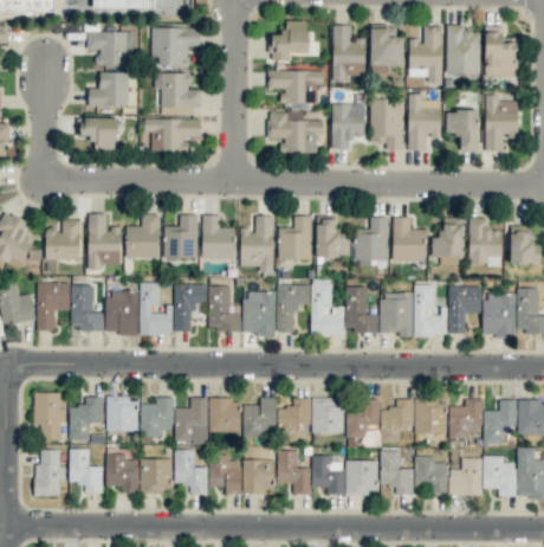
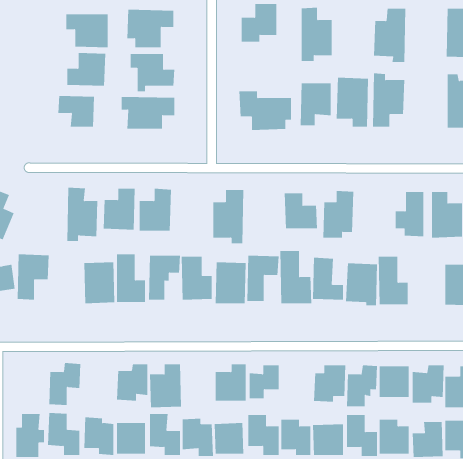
building: [446,25,480,75] -> none
building: [370,28,403,75] -> none
building: [267,71,324,108] -> none
building: [446,110,479,152] -> none
building: [201,215,235,259] -> none
building: [278,215,311,260] -> none
building: [391,218,425,262] -> none
building: [45,219,79,260] -> none
building: [70,285,103,330] -> none
building: [447,287,480,334] -> none
building: [33,393,66,439] -> none
building: [105,398,137,431] -> none
building: [311,398,343,433] -> none
building: [208,399,240,433] -> none

